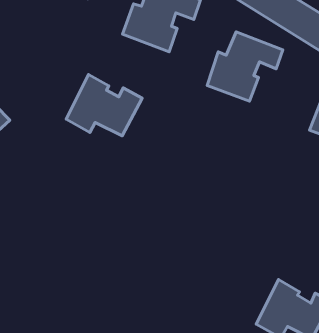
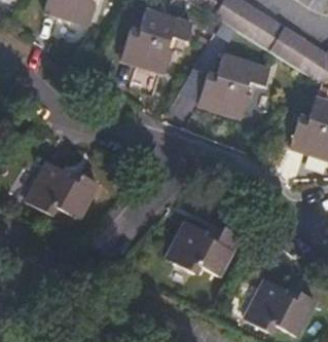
building: [66,75,142,136] -> [29,163,99,220]
building: none -> [167,222,239,277]

